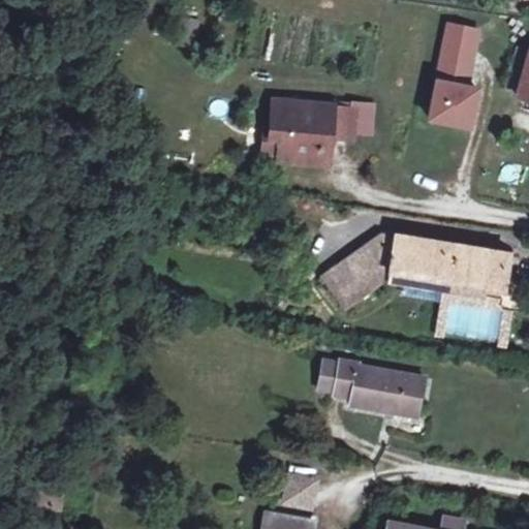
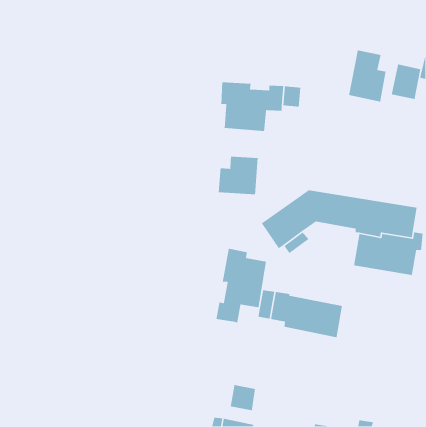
building: [440,23,477,67] -> [391,64,421,100]
building: none -> [218,156,258,195]
building: none -> [216,248,267,323]

